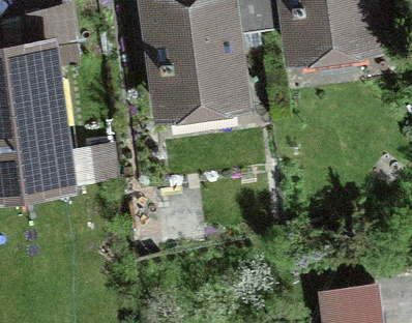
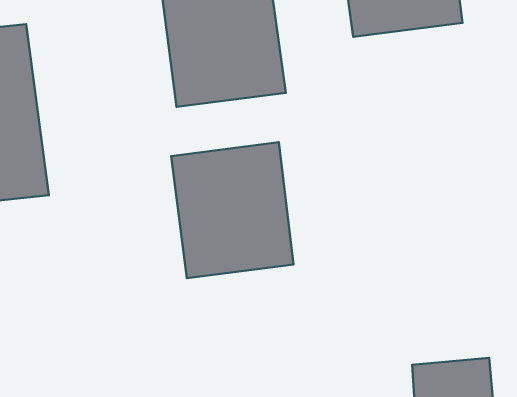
building: none -> [171,142,293,278]

